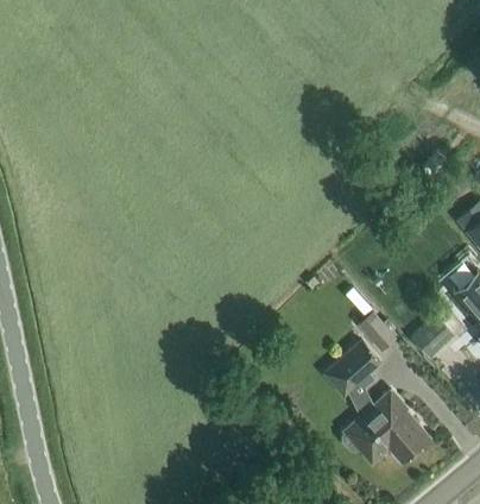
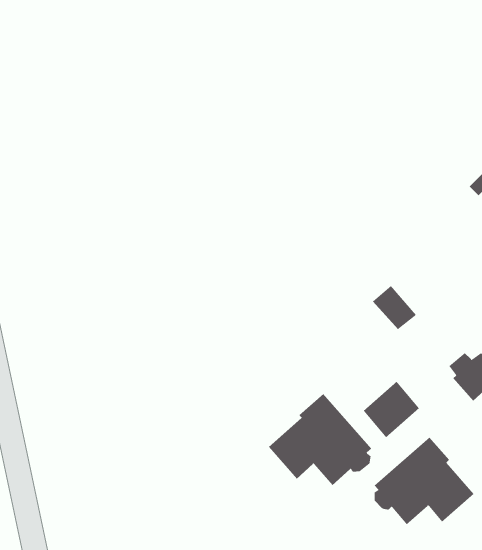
building: [356,311,396,351] -> [372,285,417,330]
building: none -> [268,393,372,486]

